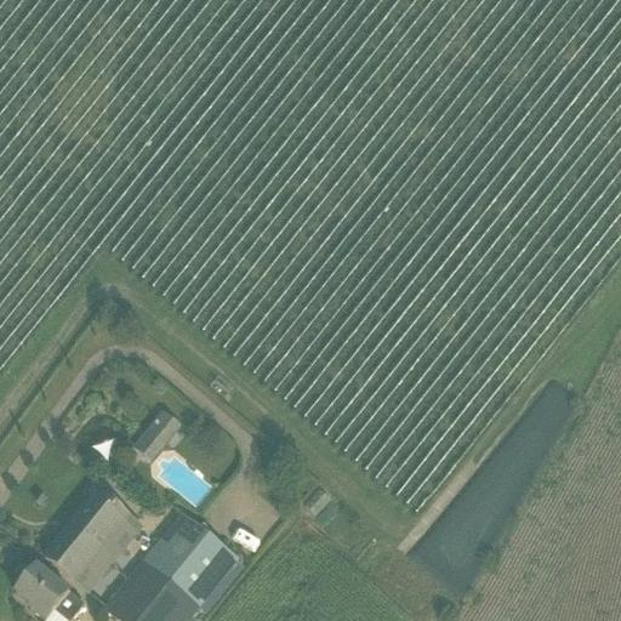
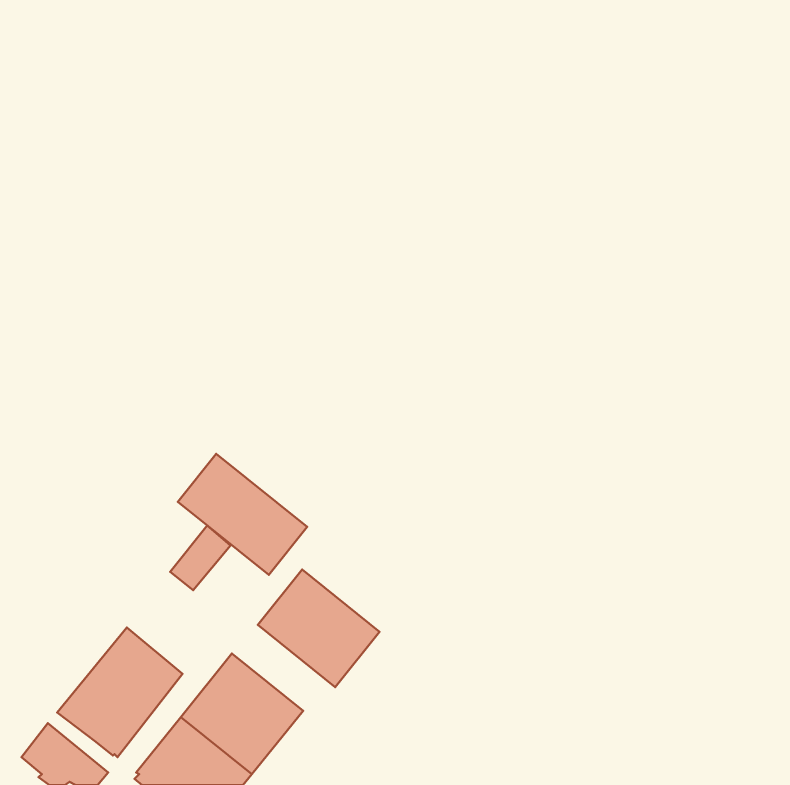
building: none -> [178,454,307,575]
building: none -> [258,570,380,687]

